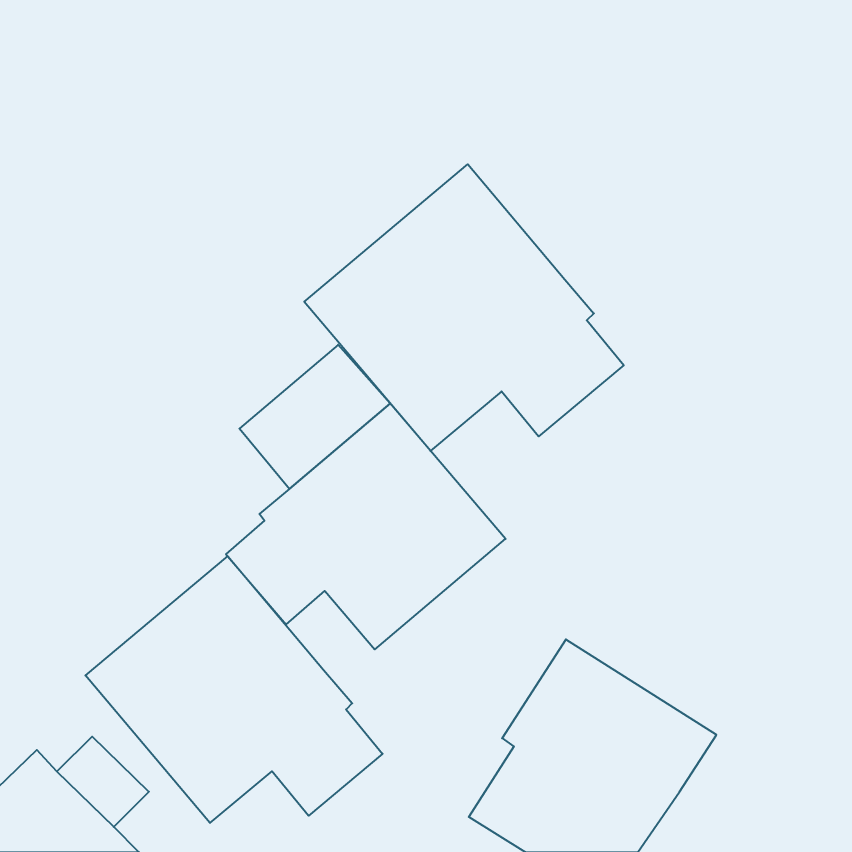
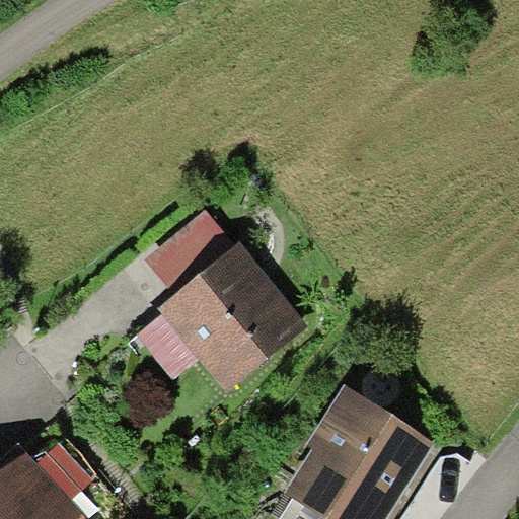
building: [304,164,624,451] -> none
building: [85,556,383,823] -> none

